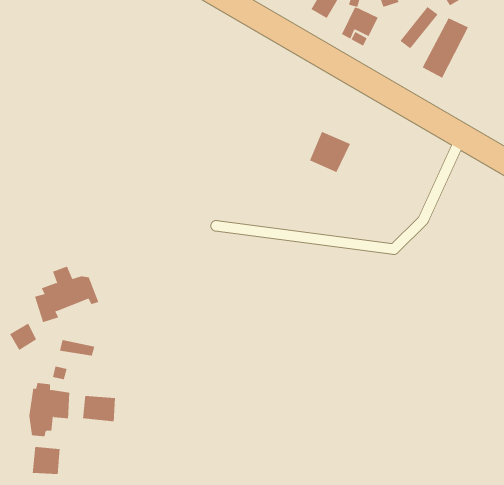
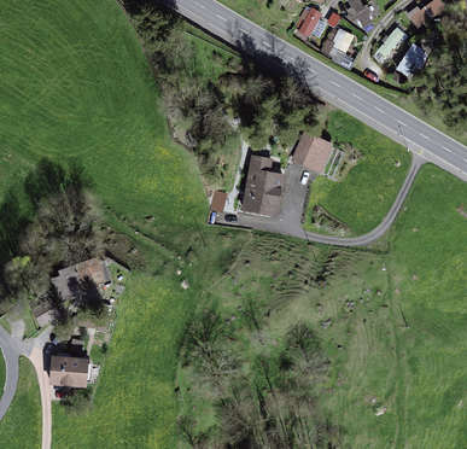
building: none -> [243,157,282,215]
building: [83,395,115,422] -> none
building: [32,446,60,475] -> none

